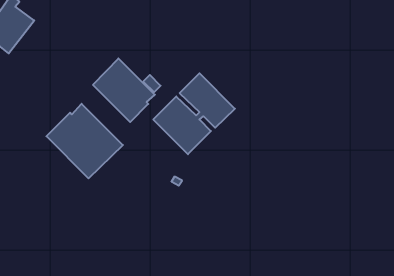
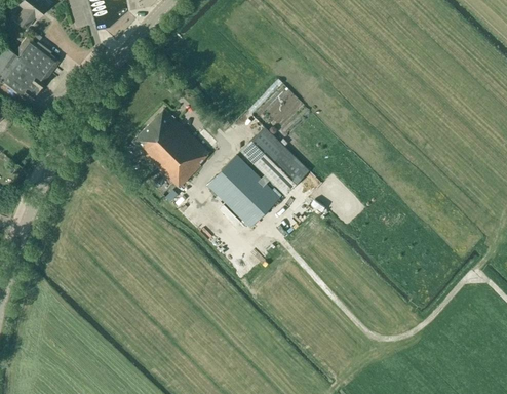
building: [46,104,123,178] -> none

